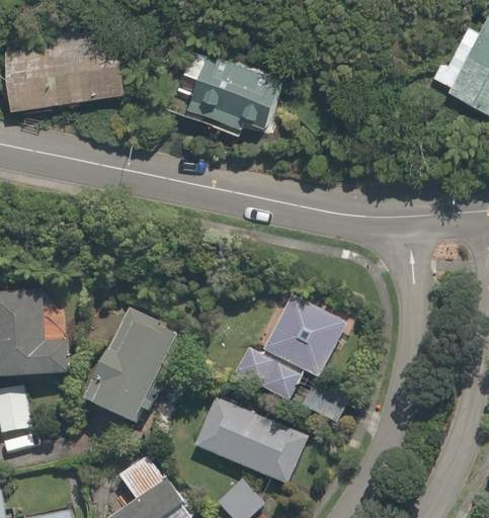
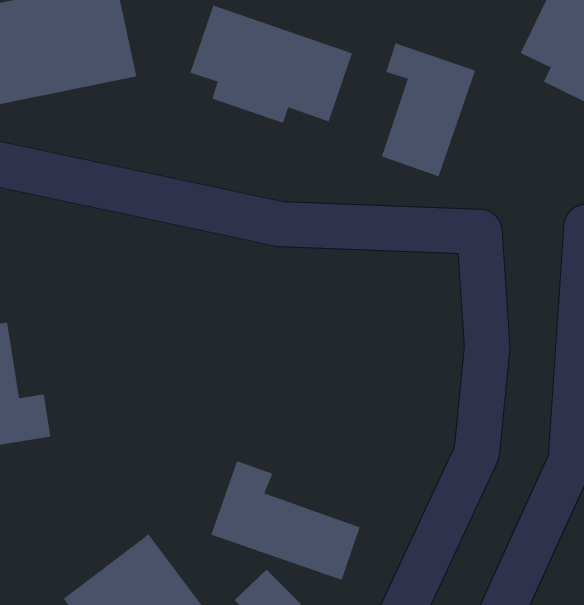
building: none -> [381,43,476,177]
building: [232,298,351,405] -> none
building: [88,305,177,426] -> none

